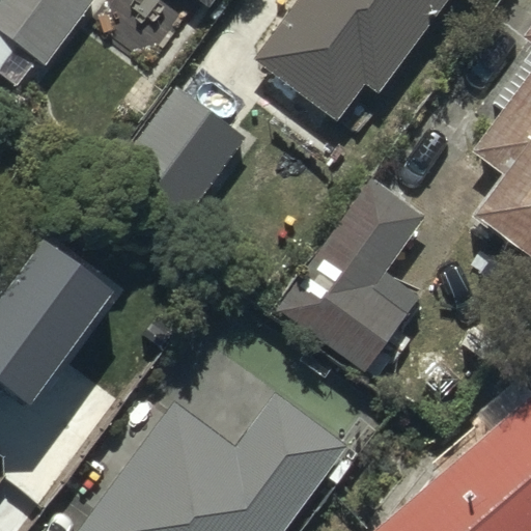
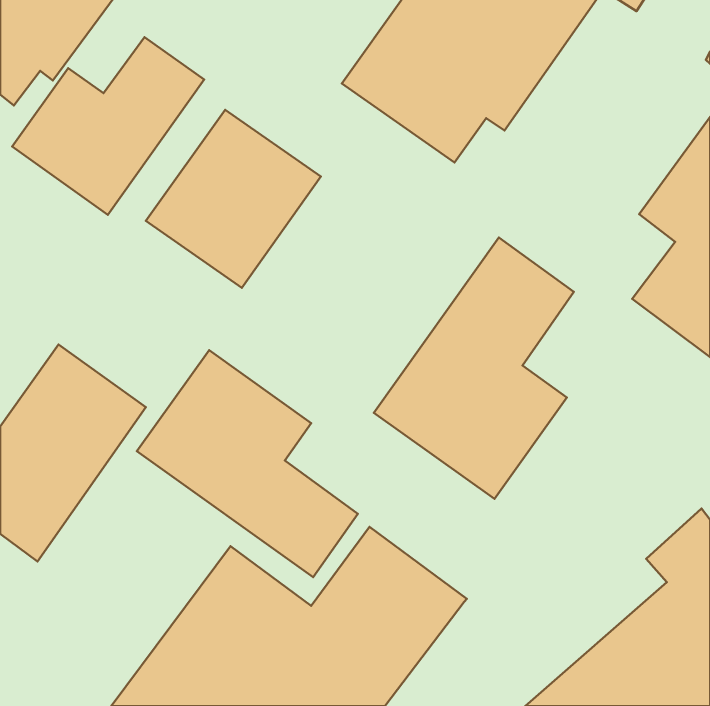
building: none -> [12,37,204,215]
building: none -> [137,350,358,577]

